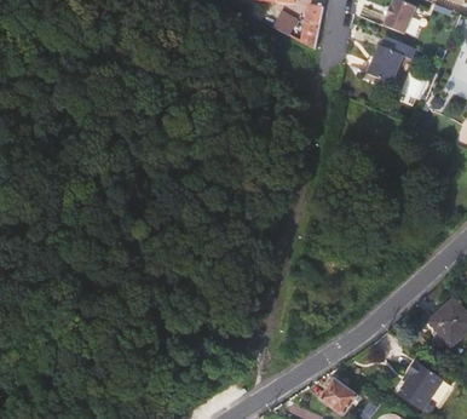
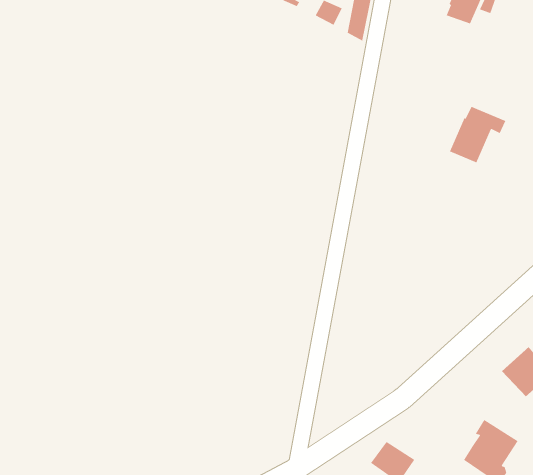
building: [368,35,415,82] -> [449,106,506,163]

